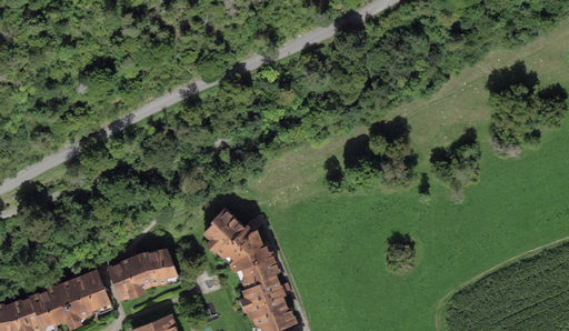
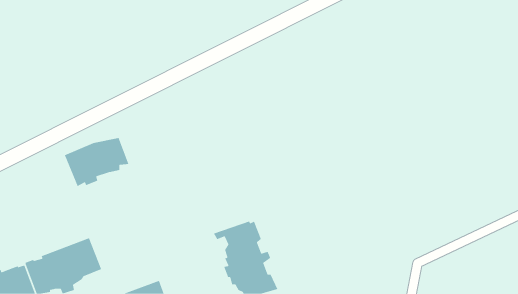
building: [201,208,267,264] -> none
building: [107,248,177,301] -> [64,137,130,187]

